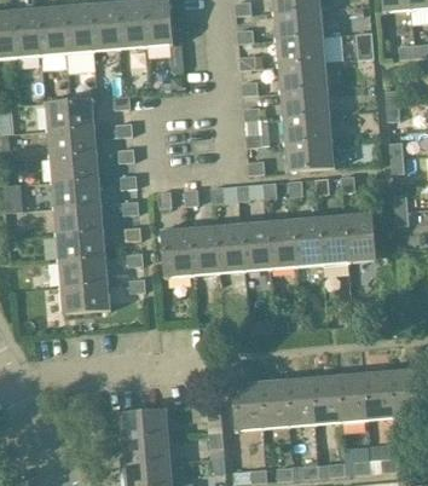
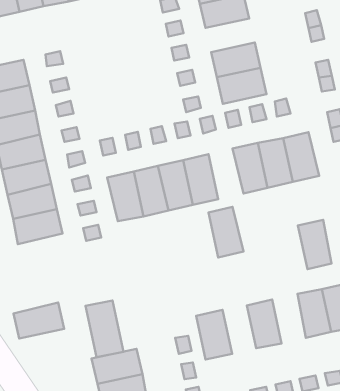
building: [280,88,329,117] -> none
building: [266,219,296,268] -> [209,207,243,257]
building: [59,282,109,313] -> [13,303,64,339]
building: none -> [86,300,123,357]
building: [311,376,340,424] -> [298,220,332,269]
building: [259,381,288,428] -> none

